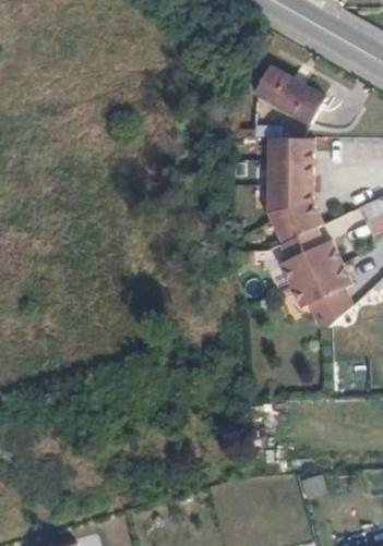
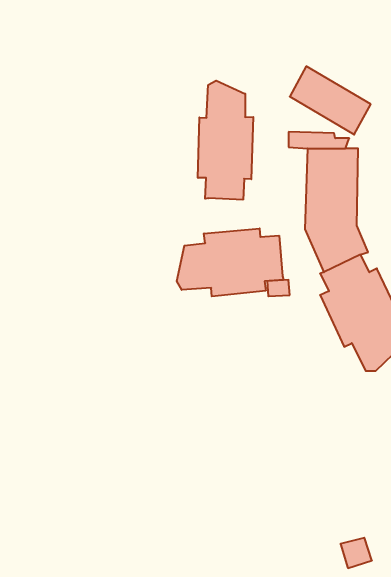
building: none -> [198,81,253,200]
building: none -> [177,228,283,296]

